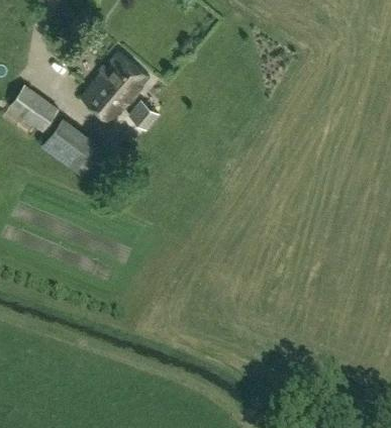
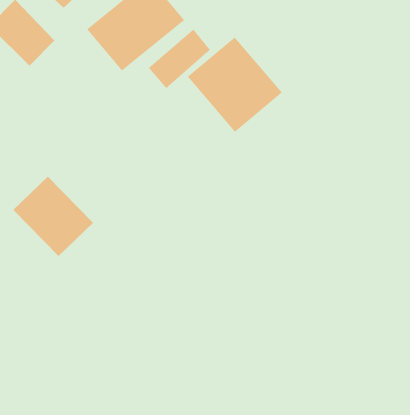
building: none -> [187,36,283,133]
building: [40,119,101,177] -> [13,176,94,257]

